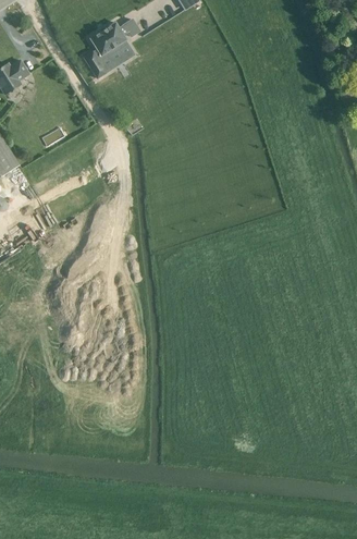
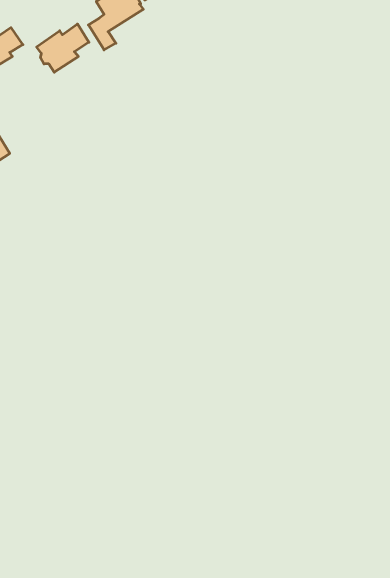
building: none -> [37,24,89,72]

